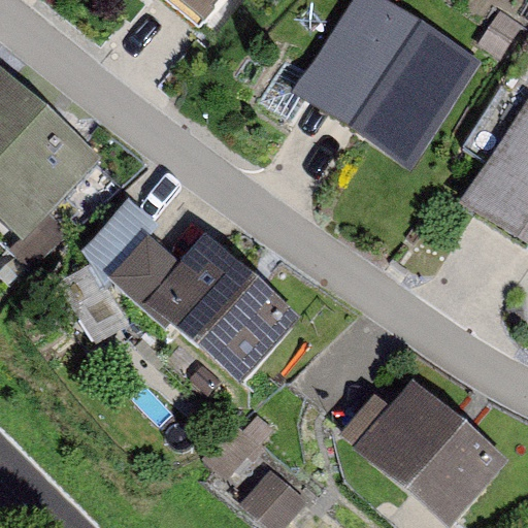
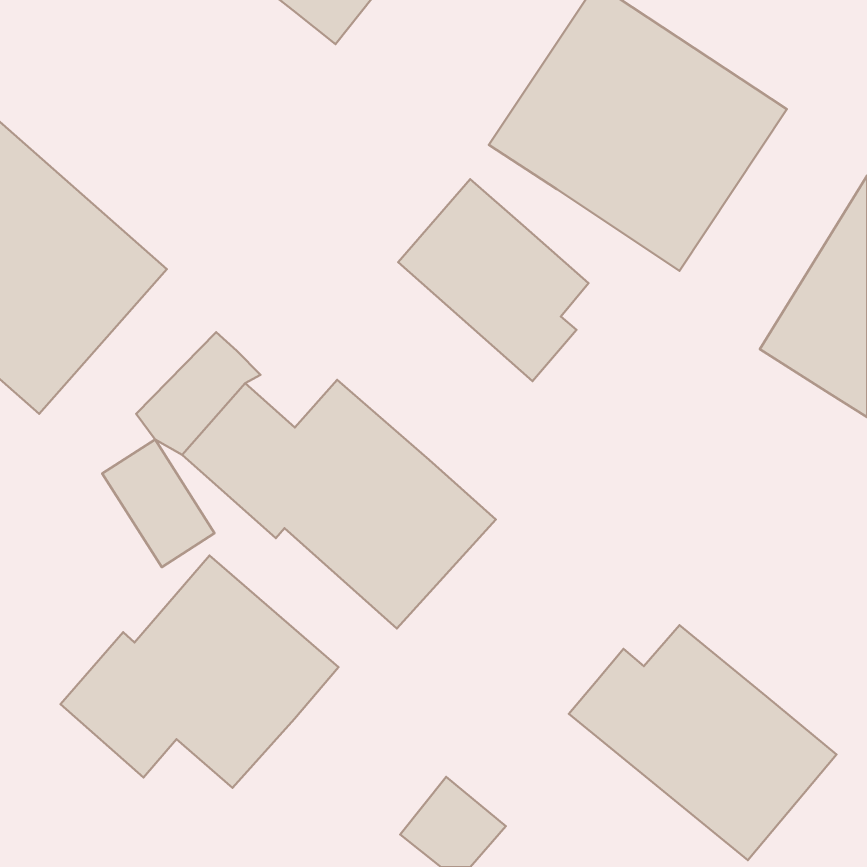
building: none -> [398,179,589,381]
building: none -> [61,555,339,788]

